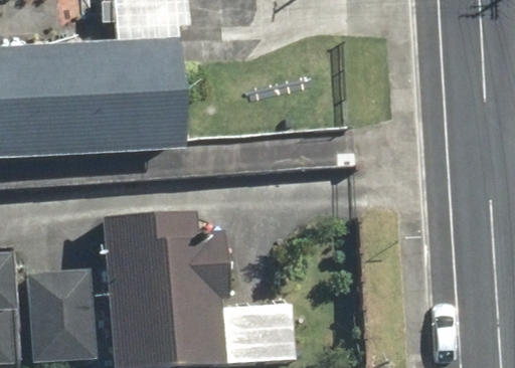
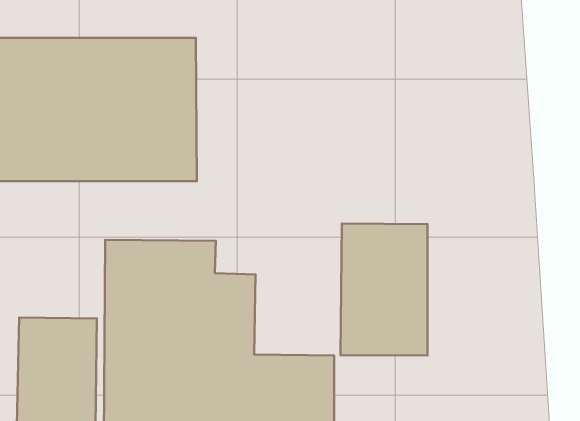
building: none -> [340,224,428,356]

